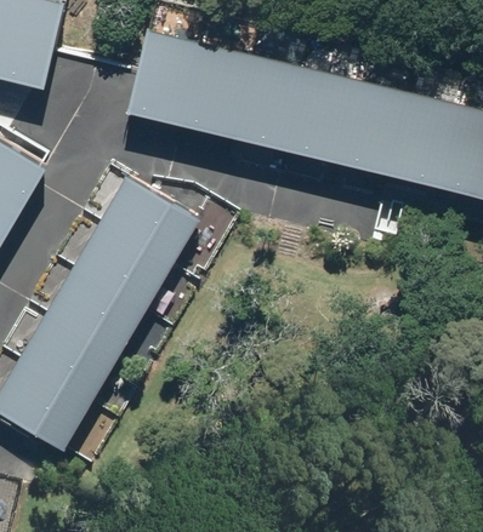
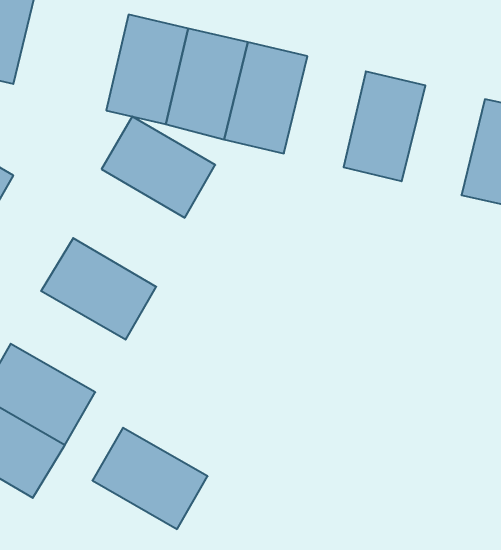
building: [282,65,353,162] -> none
building: [385,91,458,187] -> none
building: [97,178,197,267] -> [102,116,215,218]
building: [42,270,143,359] -> [92,428,208,529]

